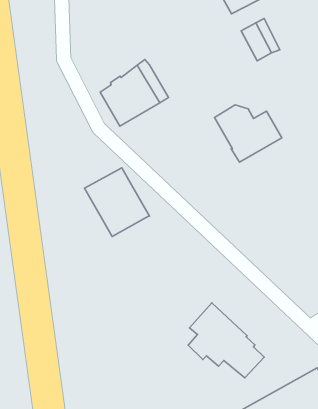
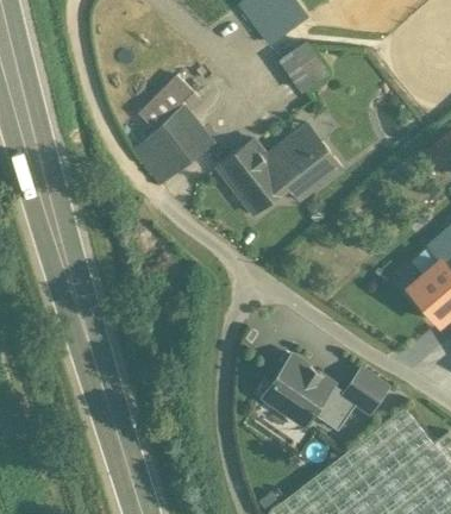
building: none -> [146,79,199,126]
building: [84,168,149,237] -> [215,138,289,213]
building: none -> [342,368,387,412]

